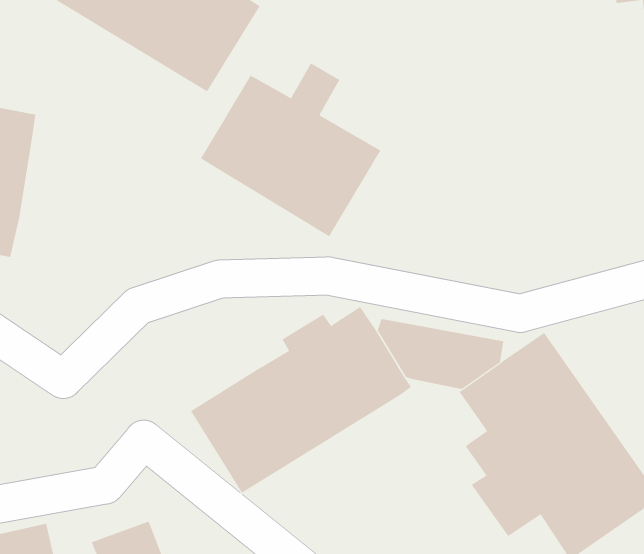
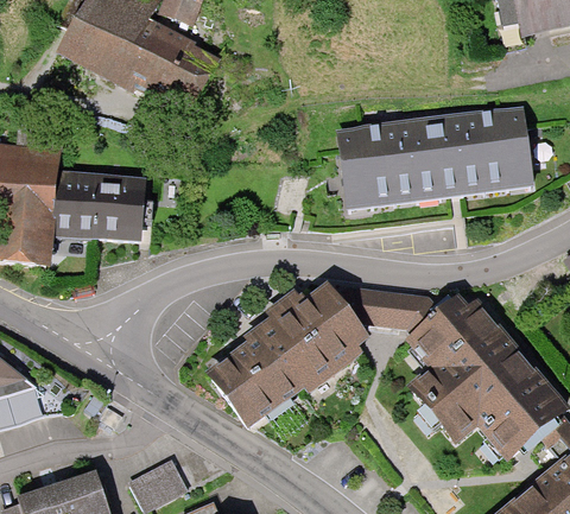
building: [200,63,381,237] -> none
building: none -> [340,108,533,208]
building: none -> [55,169,142,239]

